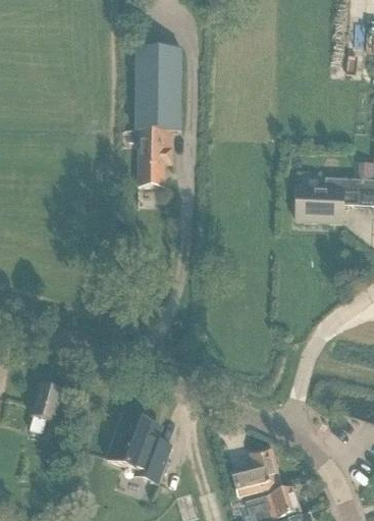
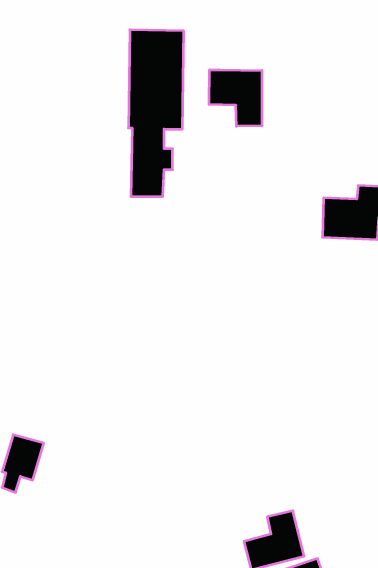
building: none -> [209,70,262,126]
building: [106,411,171,482] -> none

